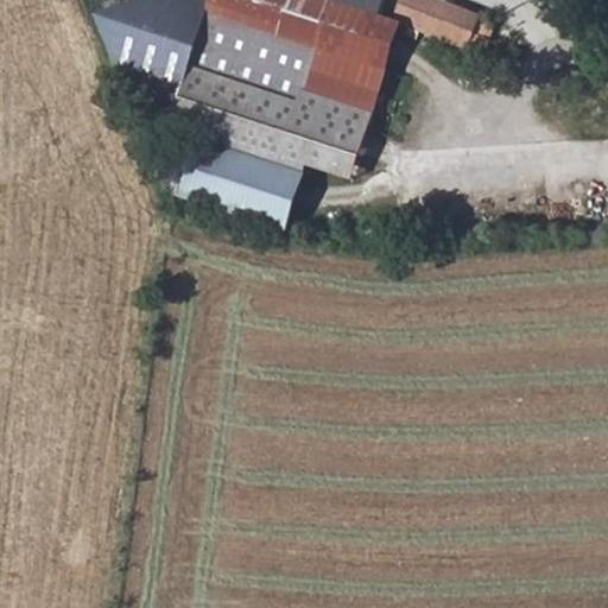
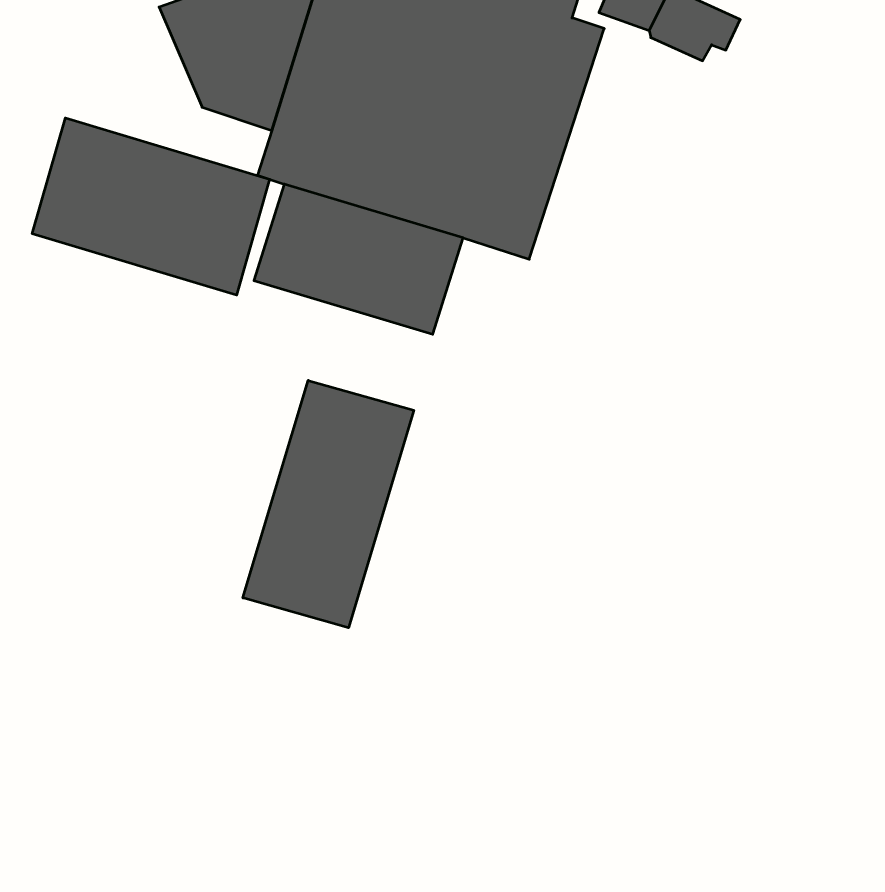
building: none -> [32,118,270,295]
building: none -> [243,380,414,628]

